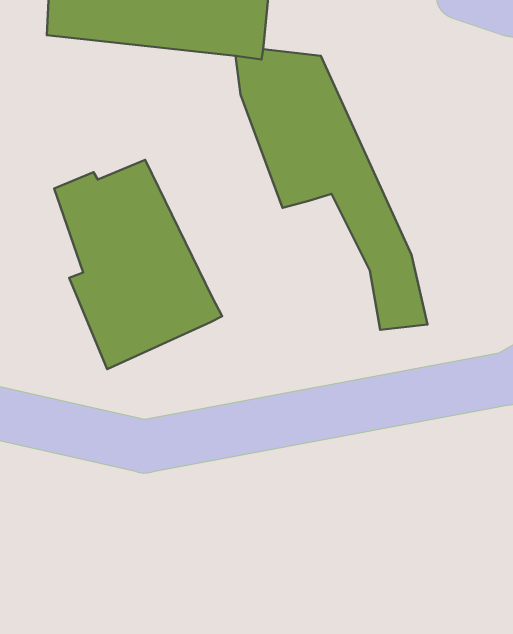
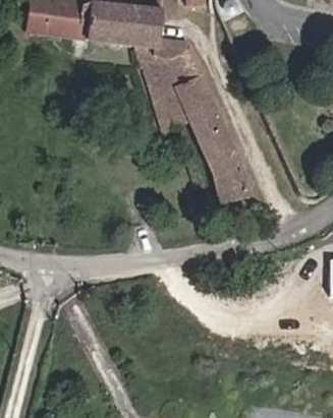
building: [54,160,222,369] -> none

